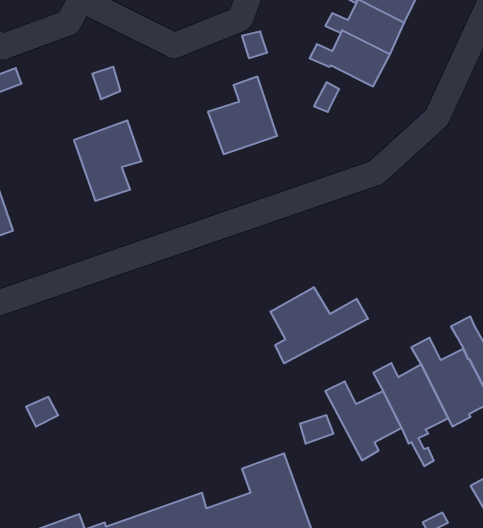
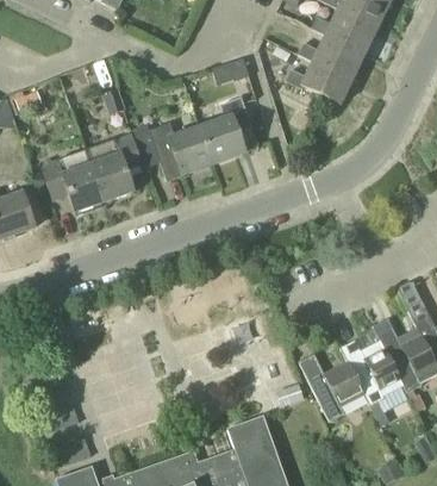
building: none -> [133,122,212,179]
building: none -> [40,150,104,212]
building: [270,287,368,363] -> none

